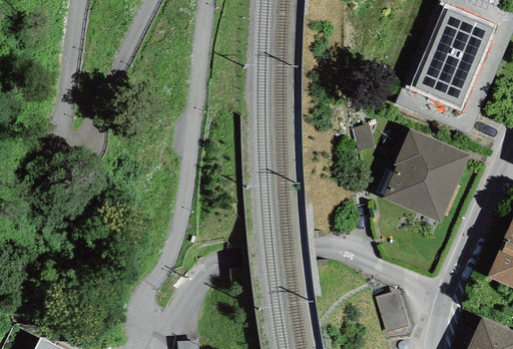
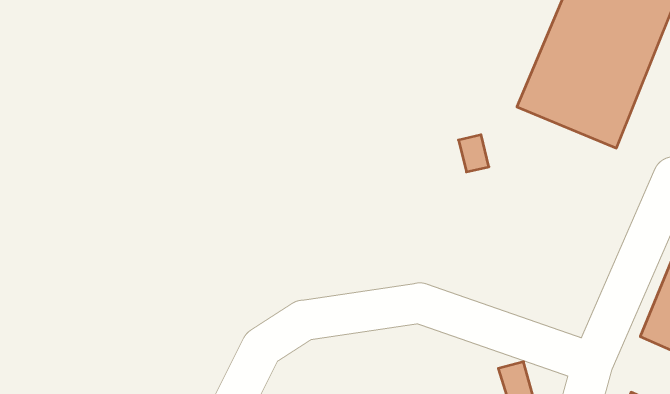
building: [383,127,469,222] -> none

